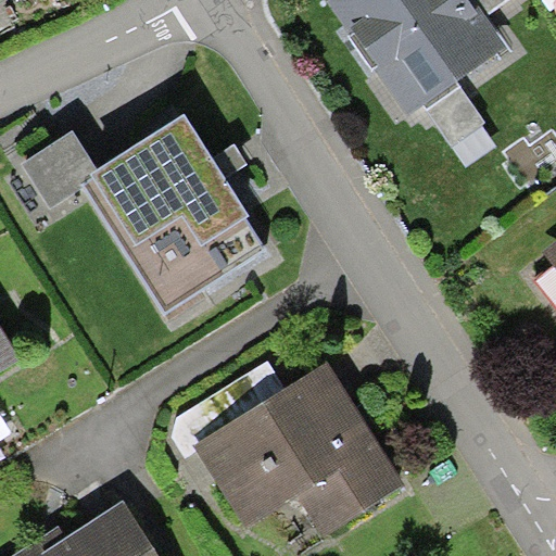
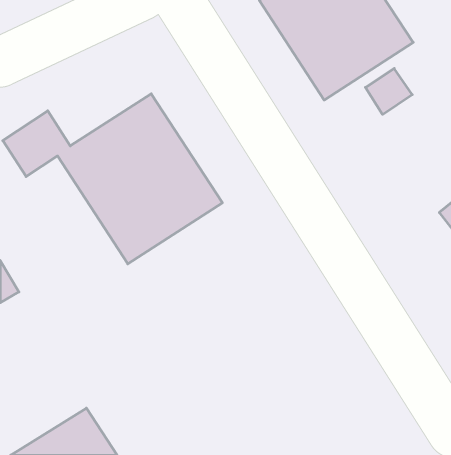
building: [194,362,403,536] -> none

